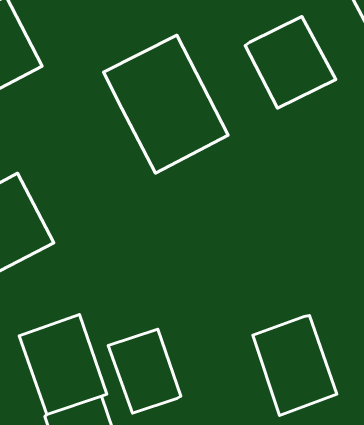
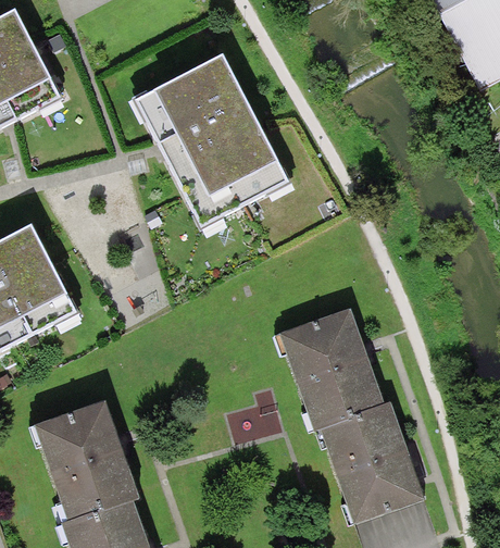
building: [245,16,336,108] -> none
building: none -> [278,308,382,426]
building: [108,329,181,413] -> none

